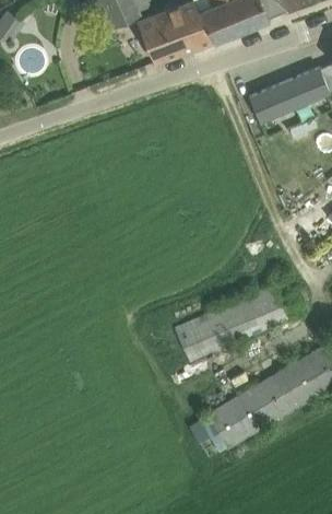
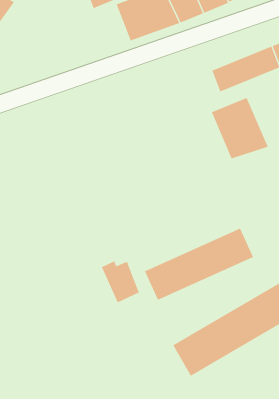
building: none -> [211,97,268,159]
building: none -> [101,260,140,303]

